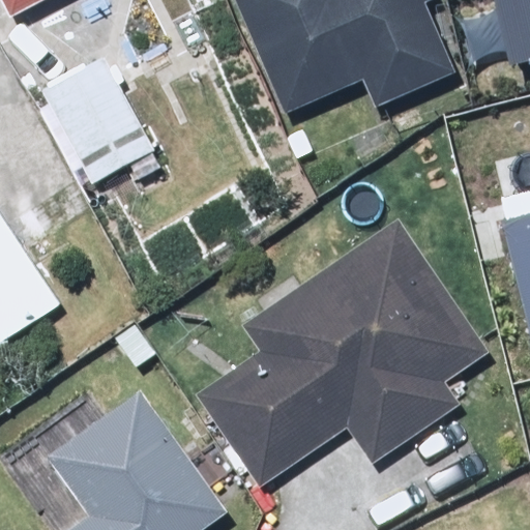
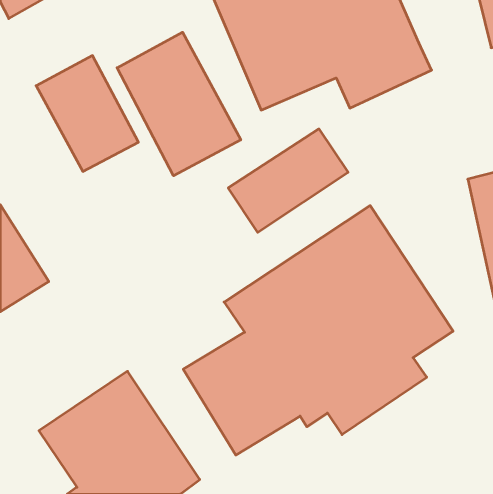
building: none -> [117,32,241,176]
building: none -> [228,129,348,232]

